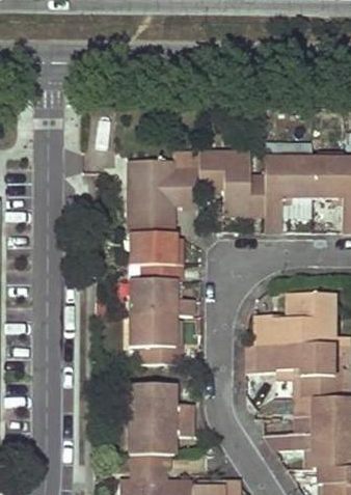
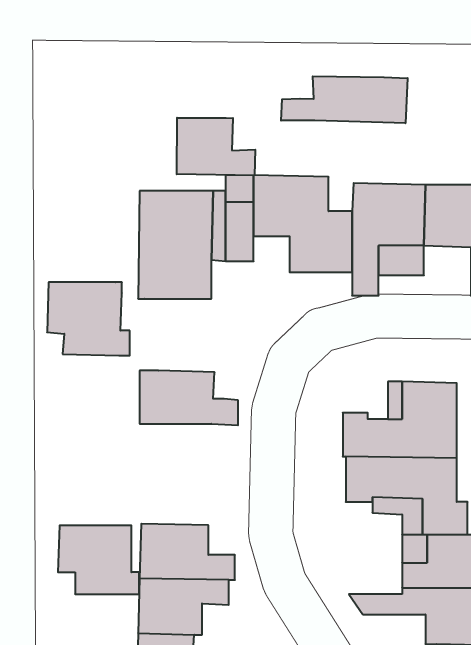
building: none -> [281,76,408,123]
building: none -> [177,118,255,175]
building: [128,233,183,282] -> [47,282,130,356]
building: [125,317,179,362] -> [58,525,139,594]

